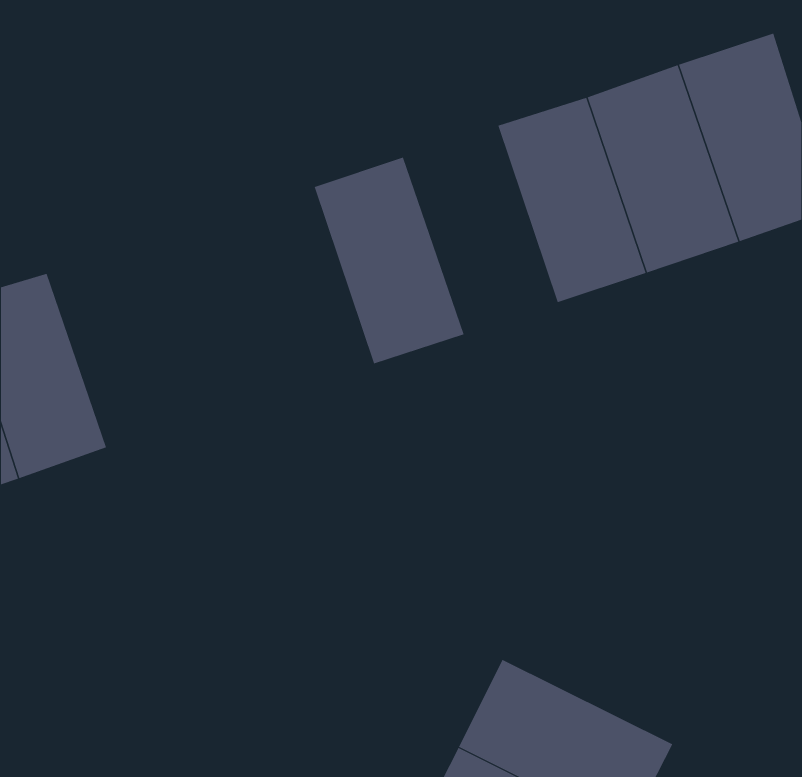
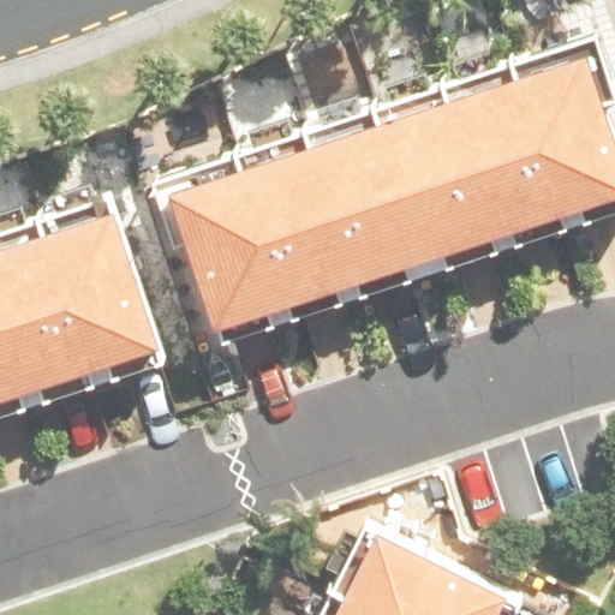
building: none -> [309,115,426,275]
building: none -> [172,162,286,321]
building: none -> [36,204,154,362]

